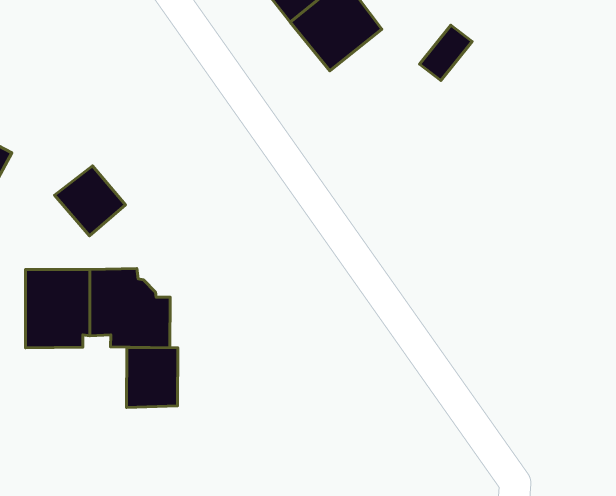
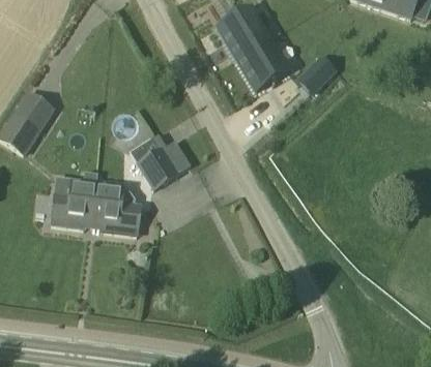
building: [55,166,125,236] -> [136,148,177,189]
building: [126,348,178,408] -> none

